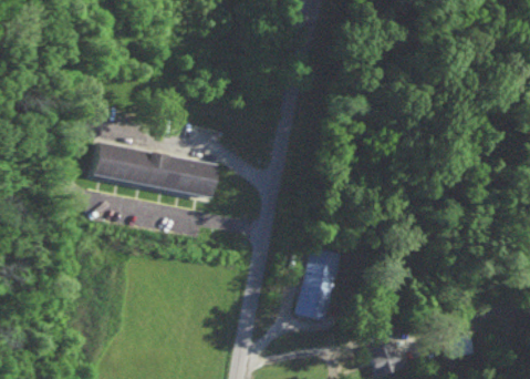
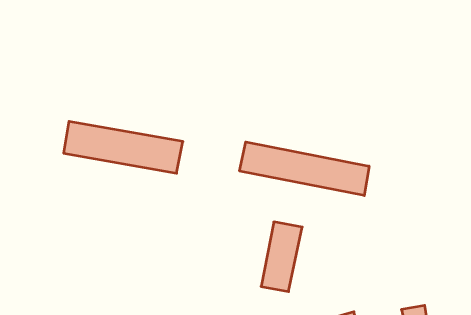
building: none -> [240,142,369,196]

